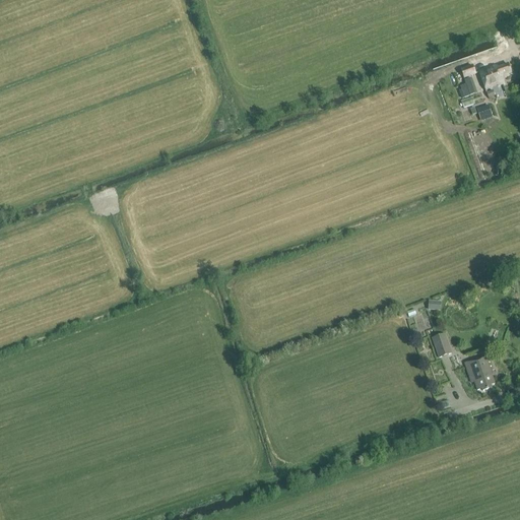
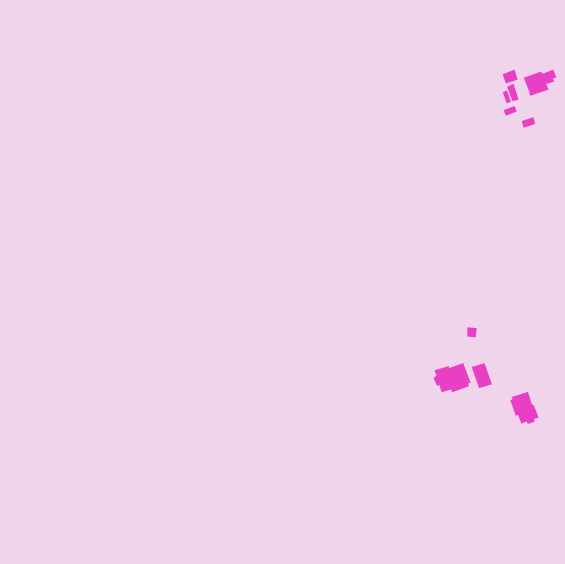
building: none -> [433,362,471,393]

